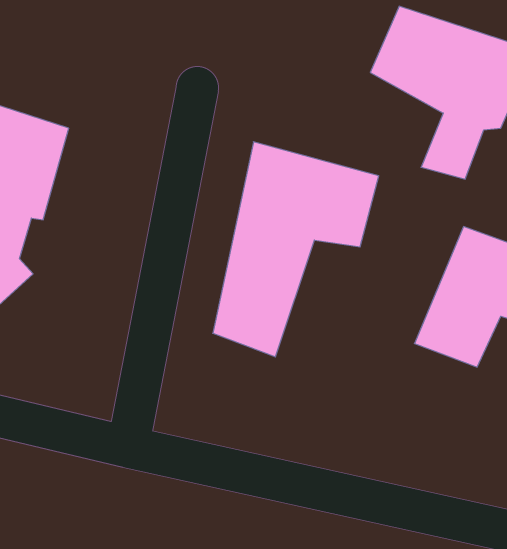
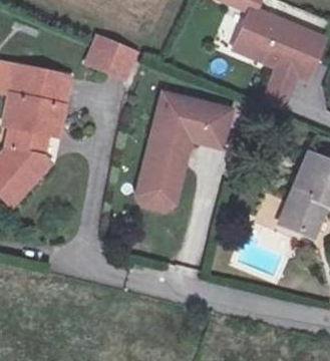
building: none -> [74,30,123,73]

